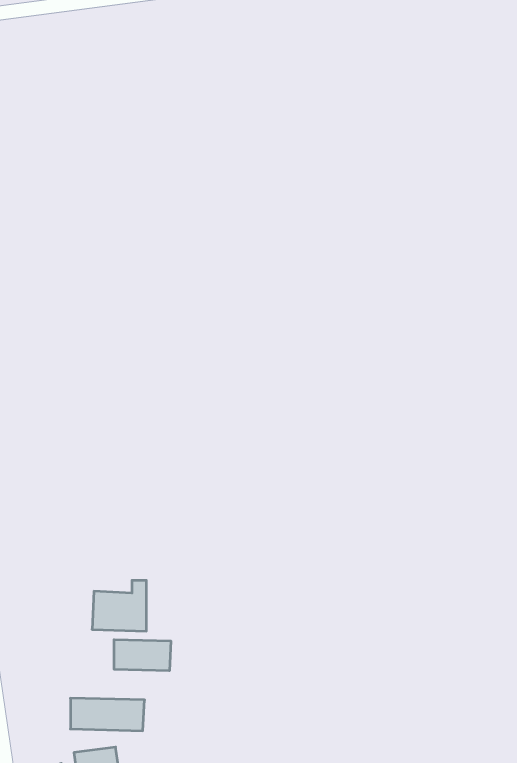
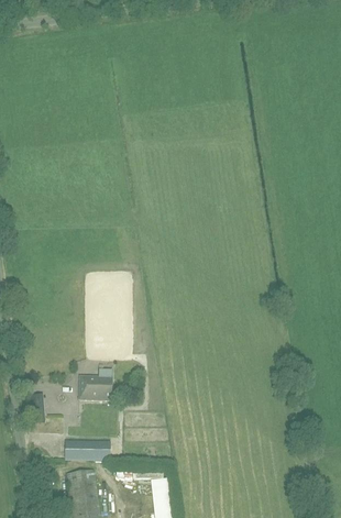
building: [114,640,171,671] -> none

